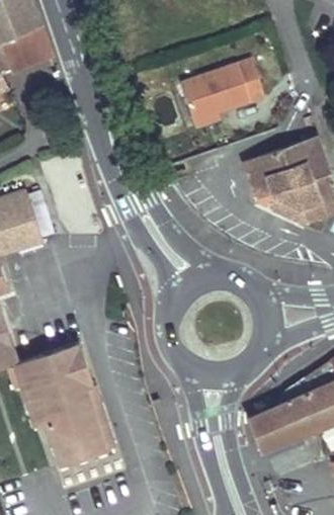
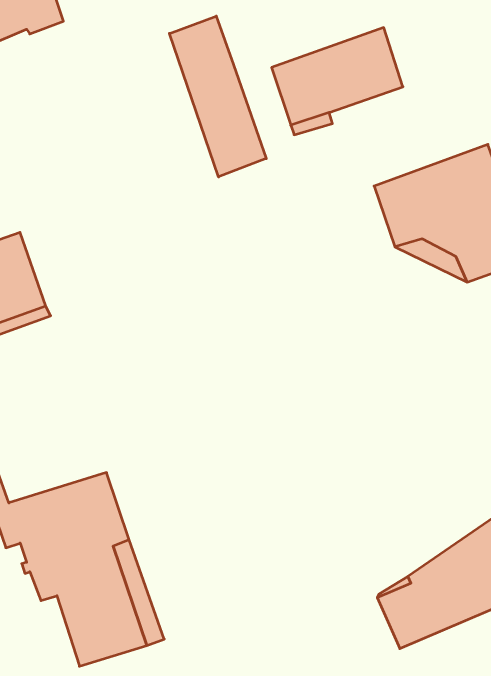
building: none -> [169,16,266,177]

